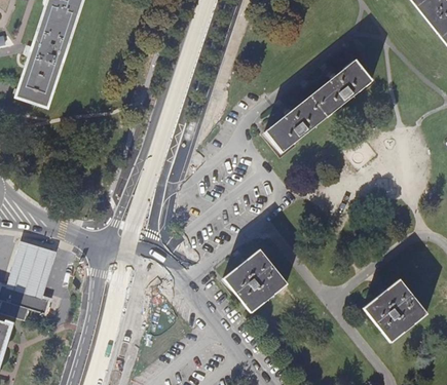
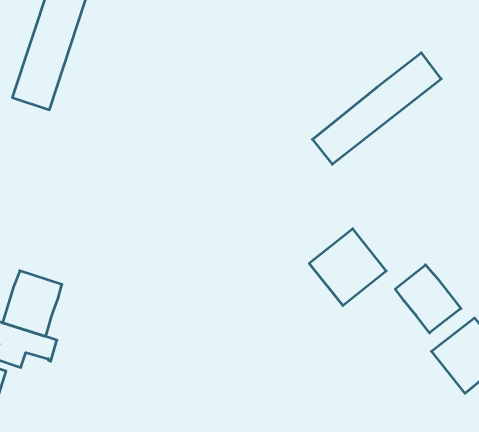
building: none -> [395,265,461,333]
building: [224,248,288,312] -> [309,229,386,306]

